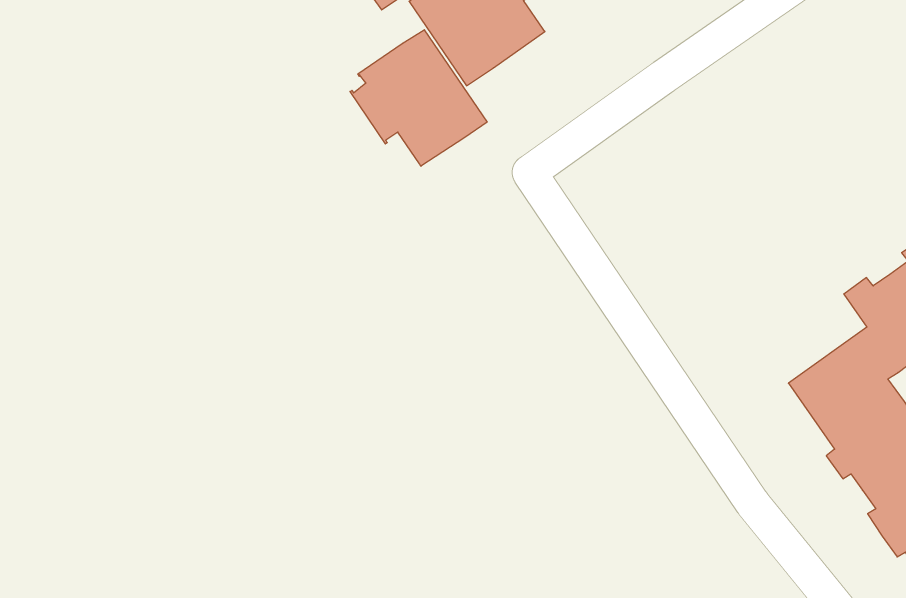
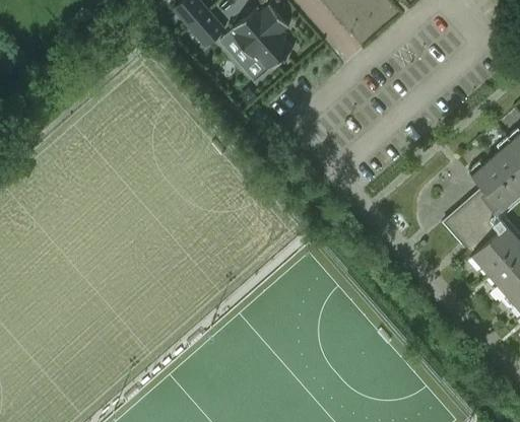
building: [350,30,487,166] -> none

